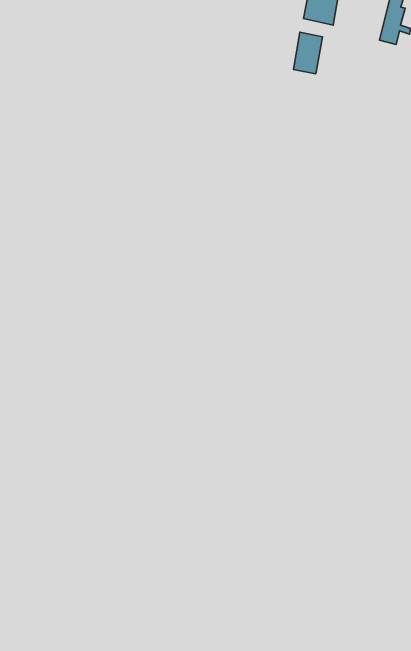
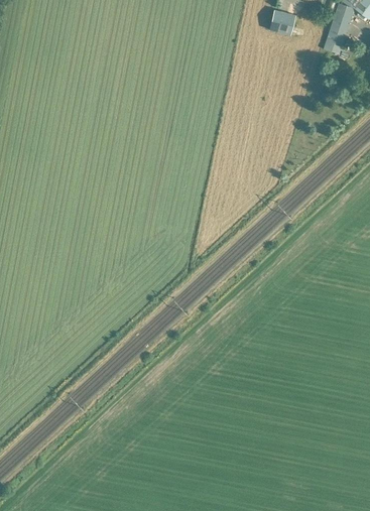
building: [294,32,323,74] -> none

